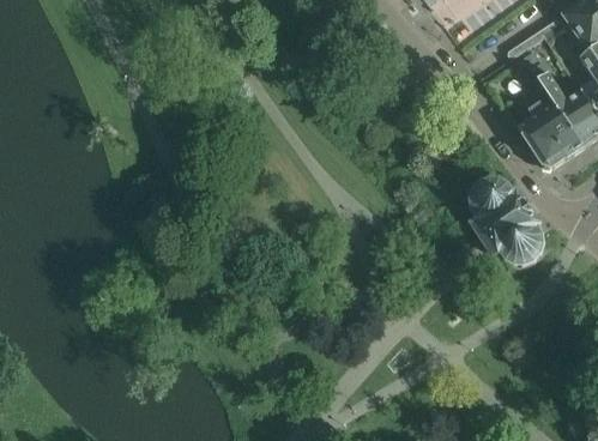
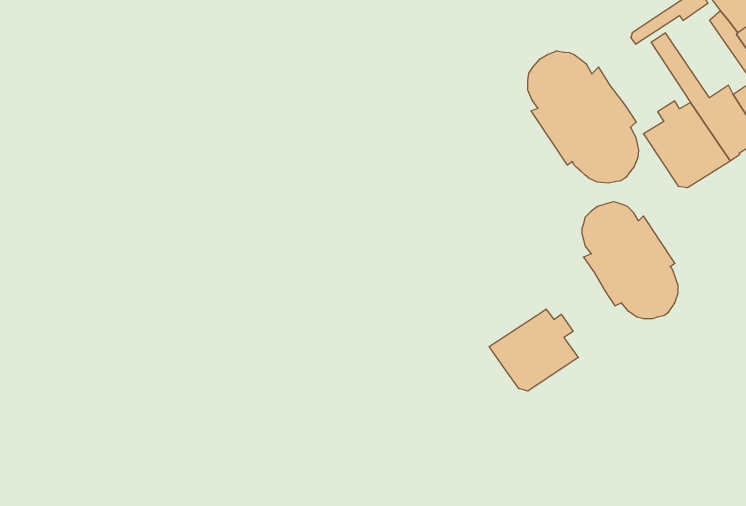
building: none -> [528,51,639,183]
building: none -> [489,309,578,391]

